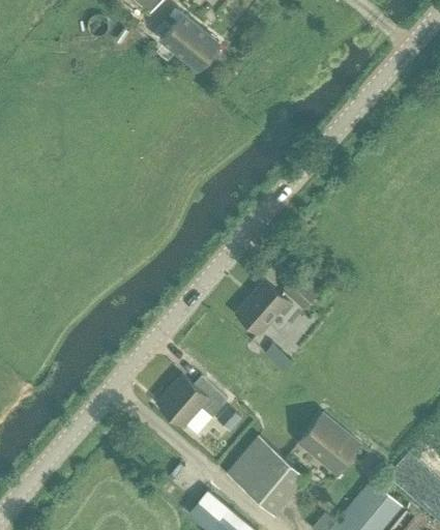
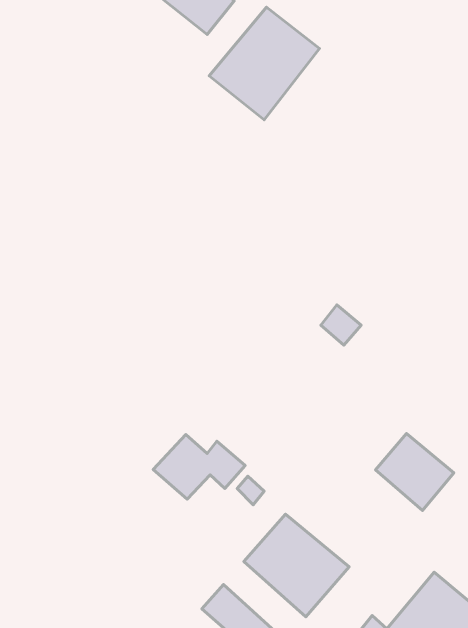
building: none -> [209,7,320,120]
building: [236,285,293,336] -> none
building: [300,416,360,475] -> [375,434,454,510]

